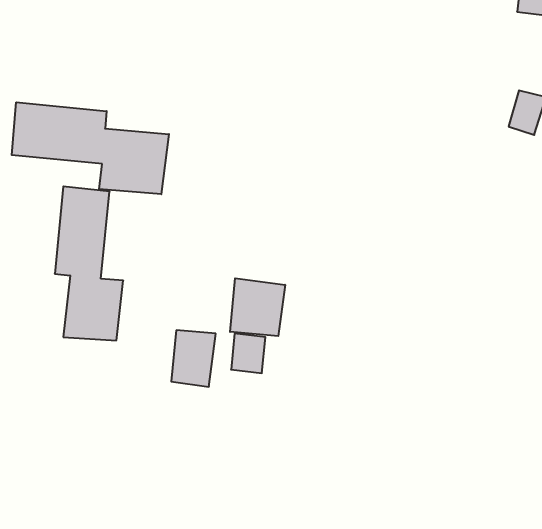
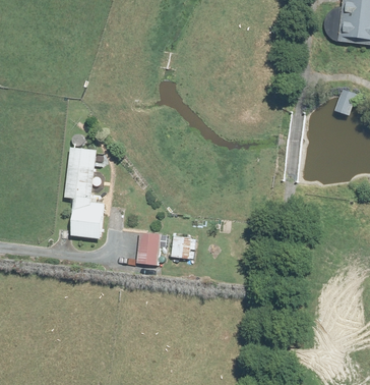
building: [12,102,169,194] -> none
building: [230,278,285,336] -> none

